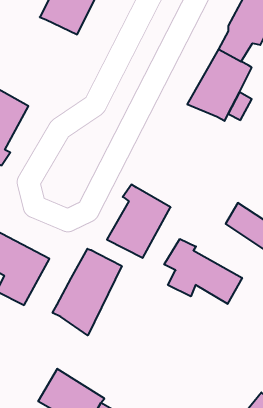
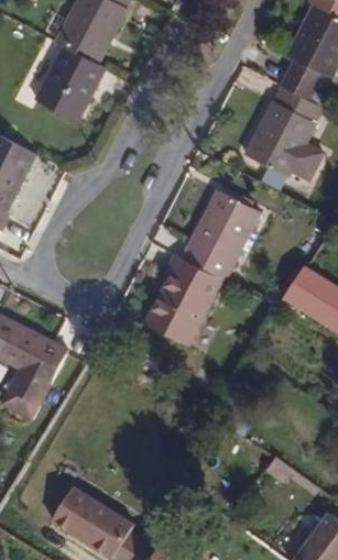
building: none -> [34,46,112,125]
building: none -> [176,189,258,284]
building: [164,239,242,304] -> none
building: [53,249,122,335] -> none

